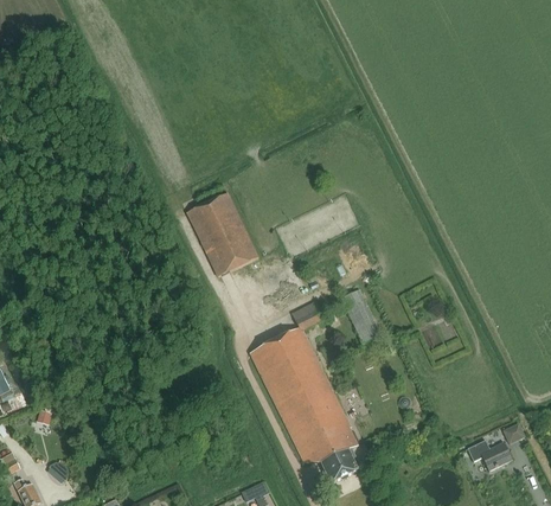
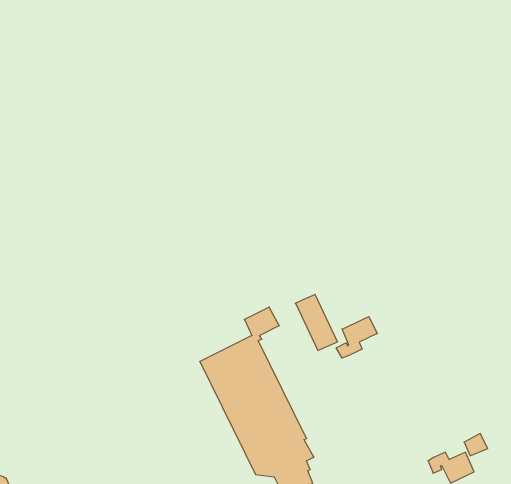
building: [186,192,258,276] -> none
building: none -> [336,317,377,358]

